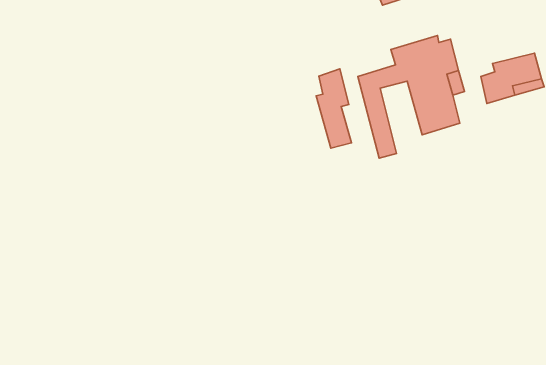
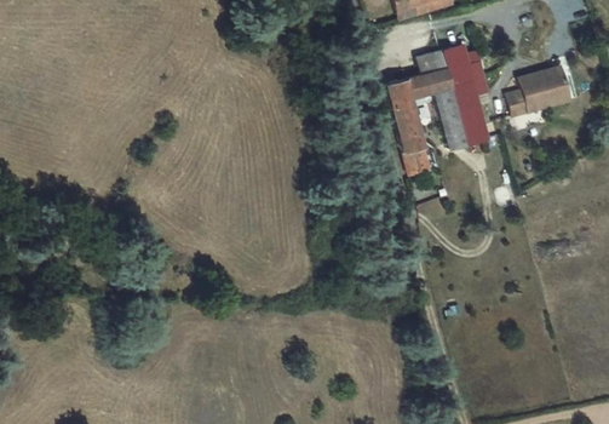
building: [316,69,351,148] -> none

